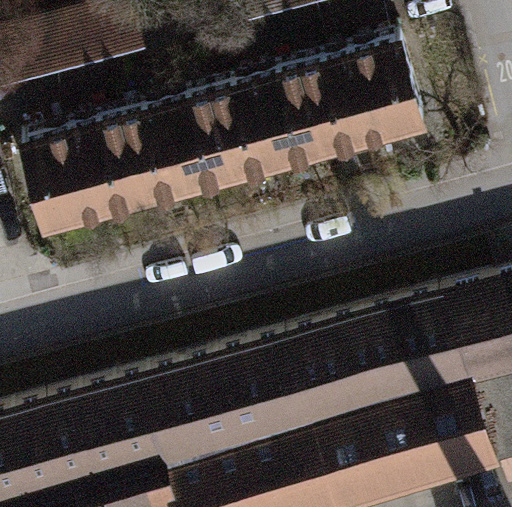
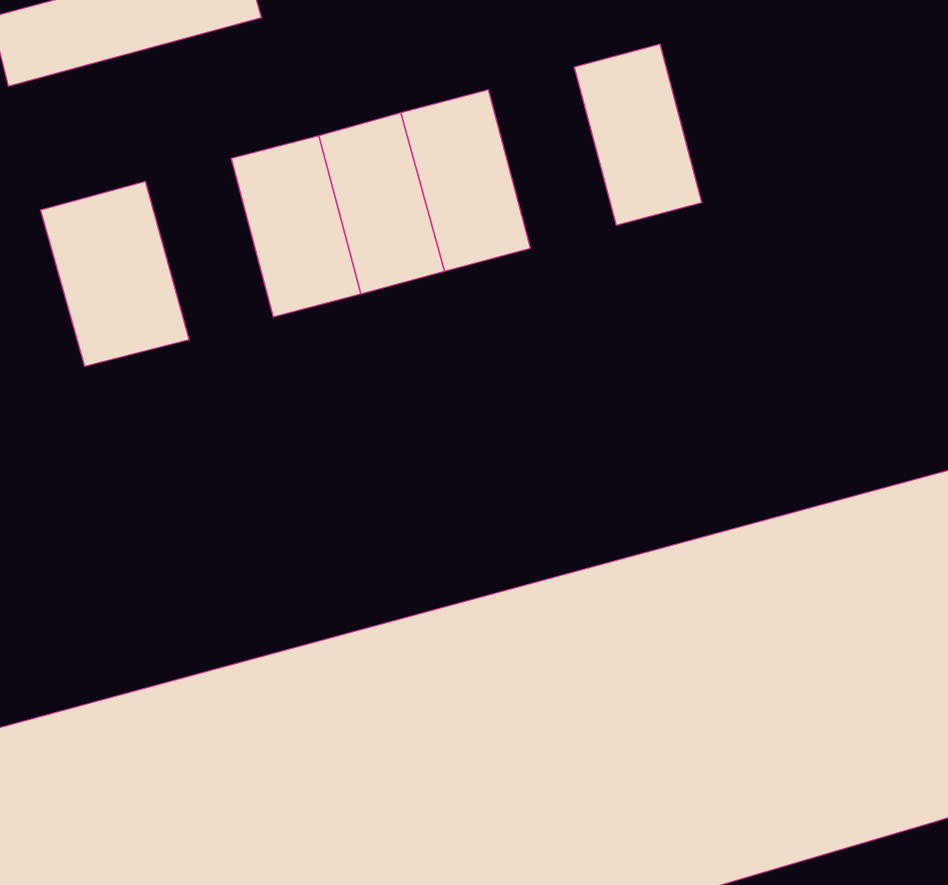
building: [349,40,426,138] -> none
building: [259,67,326,162] -> none
building: [79,115,146,210] -> none

